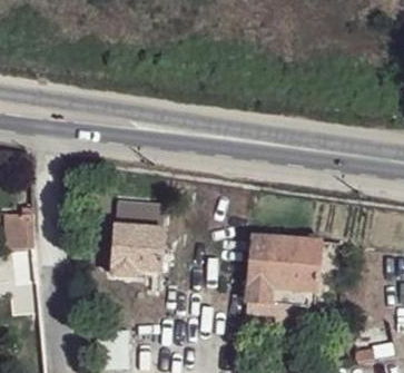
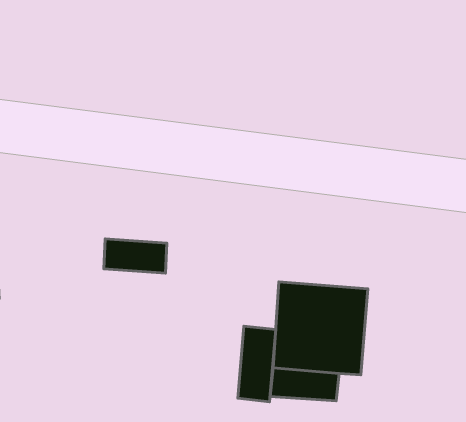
building: [111,225,162,276] -> none
building: none -> [238,326,276,402]

